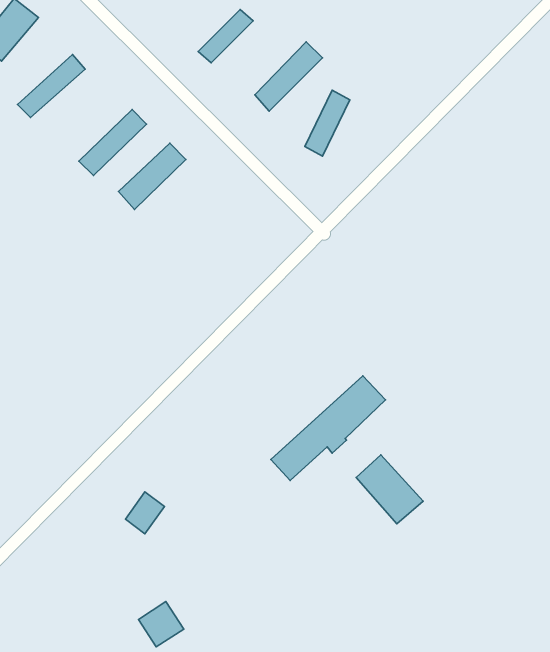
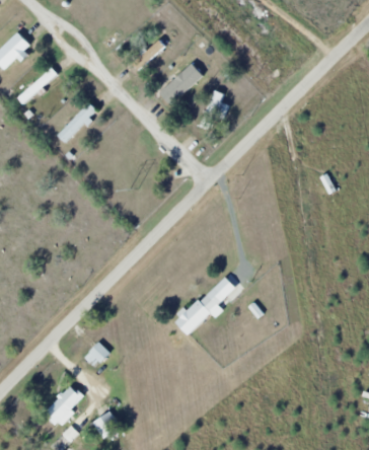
building: [119,143,186,209] -> none
building: [356,455,423,524] -> none
building: none -> [47,384,83,424]

